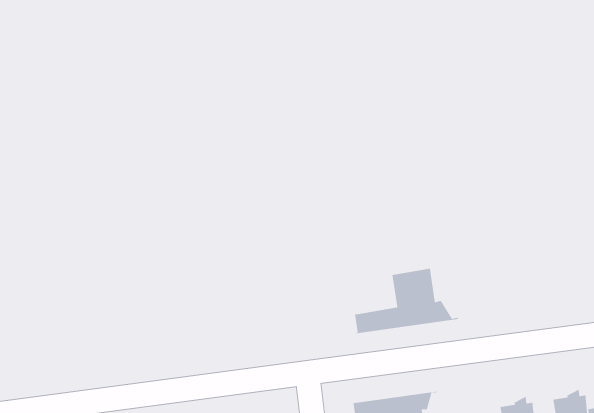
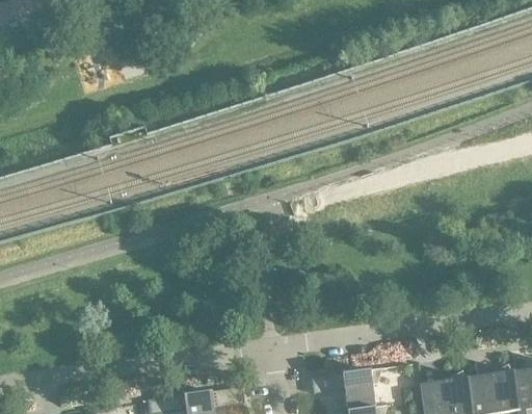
building: [354,268,459,334] -> none

